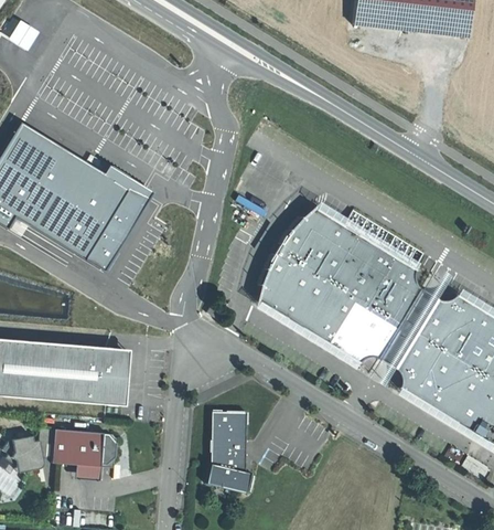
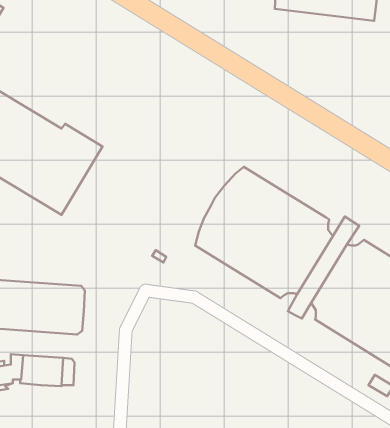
building: [206,412,253,495] -> none

